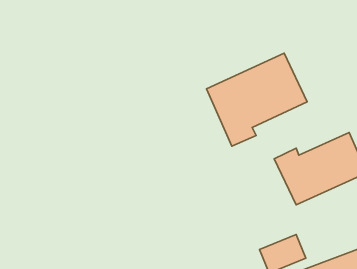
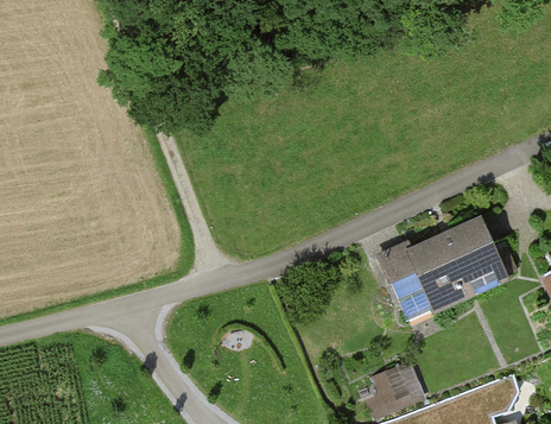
building: [206,53,307,146] -> none

